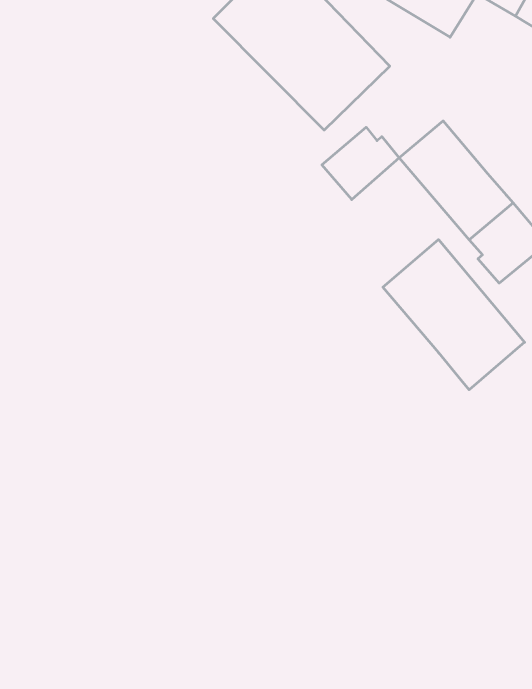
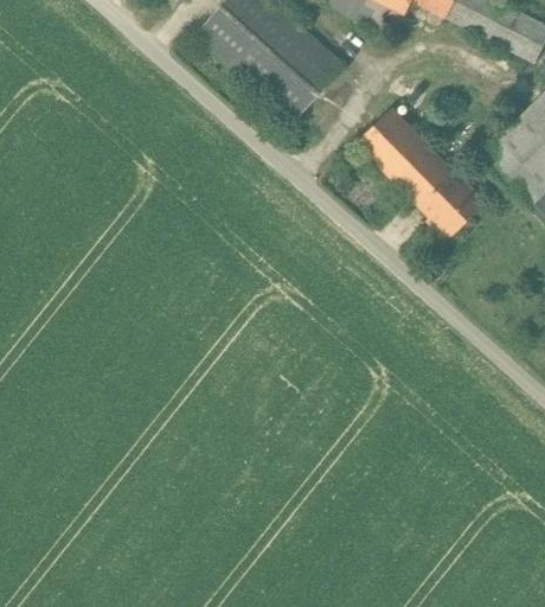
building: [322,127,399,200] -> none
building: [383,240,525,390] -> none

